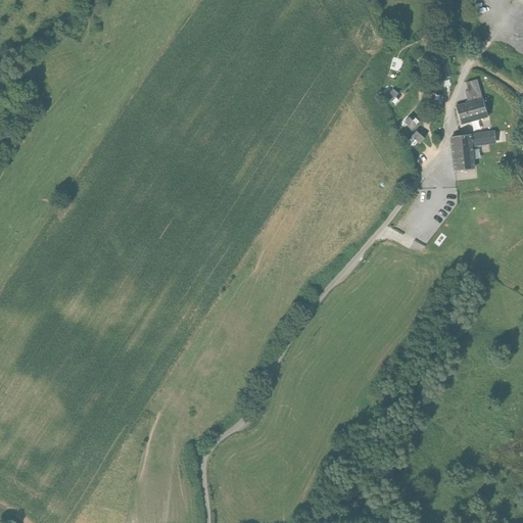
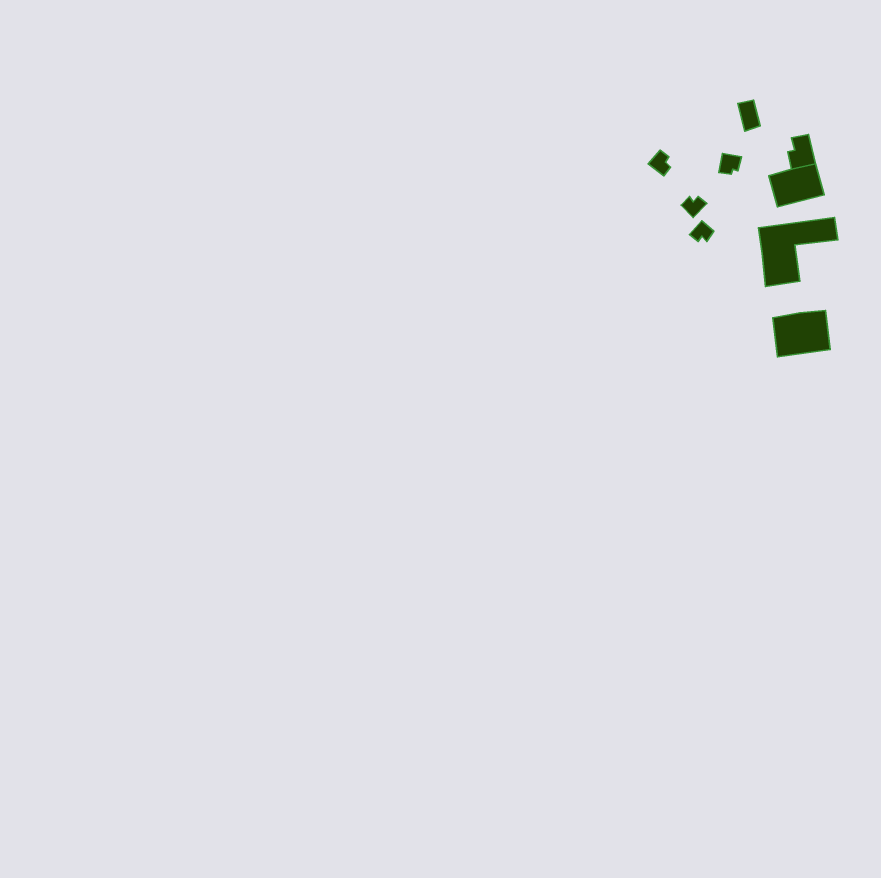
building: none -> [773,310,830,357]

